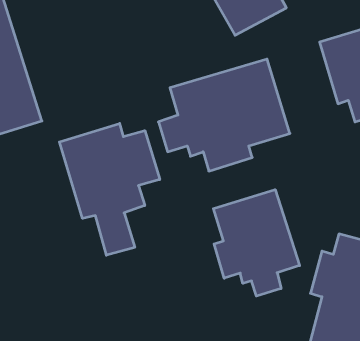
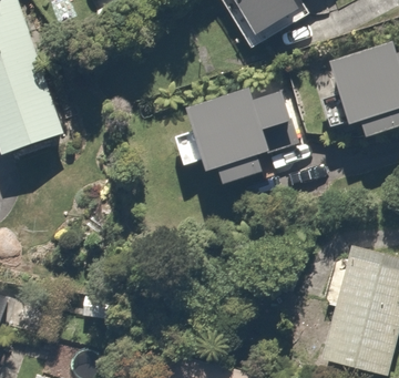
building: [59,123,160,255] -> none
building: [213,190,300,296] -> none

